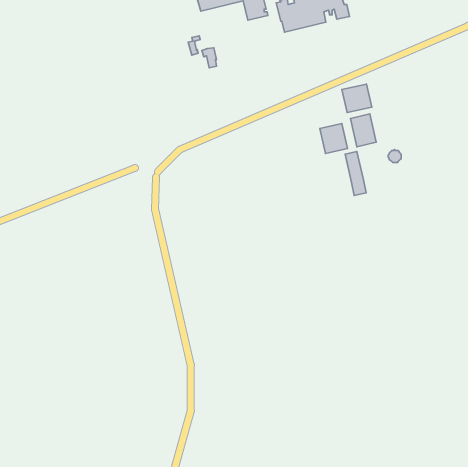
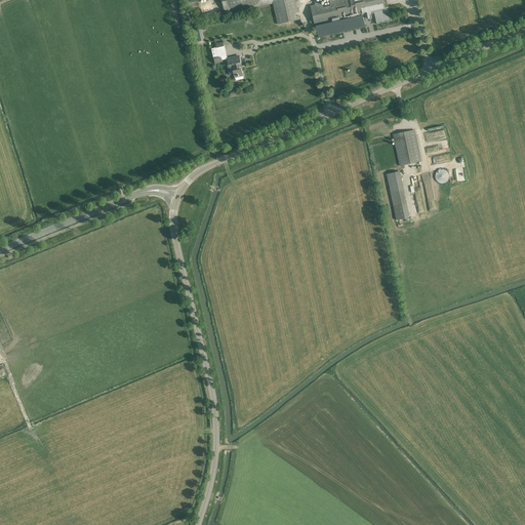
building: [342,84,372,113] -> none
building: [320,123,347,153] -> none

